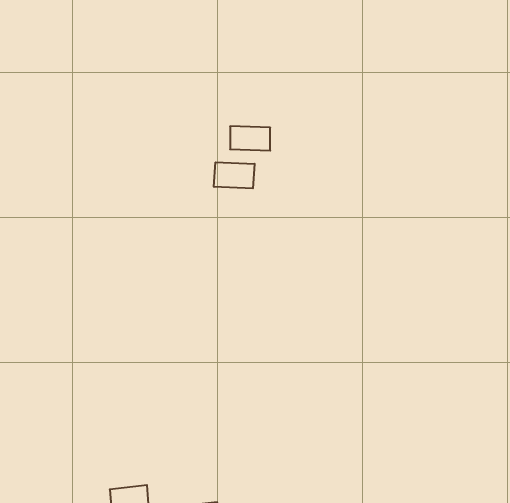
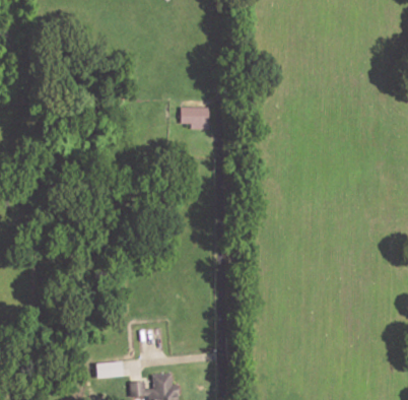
building: [214,162,255,188] -> none

